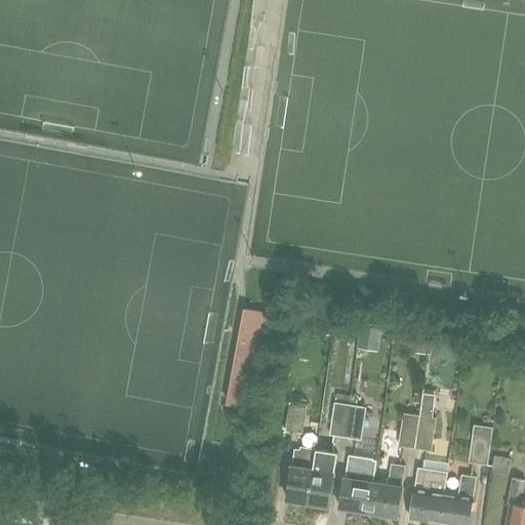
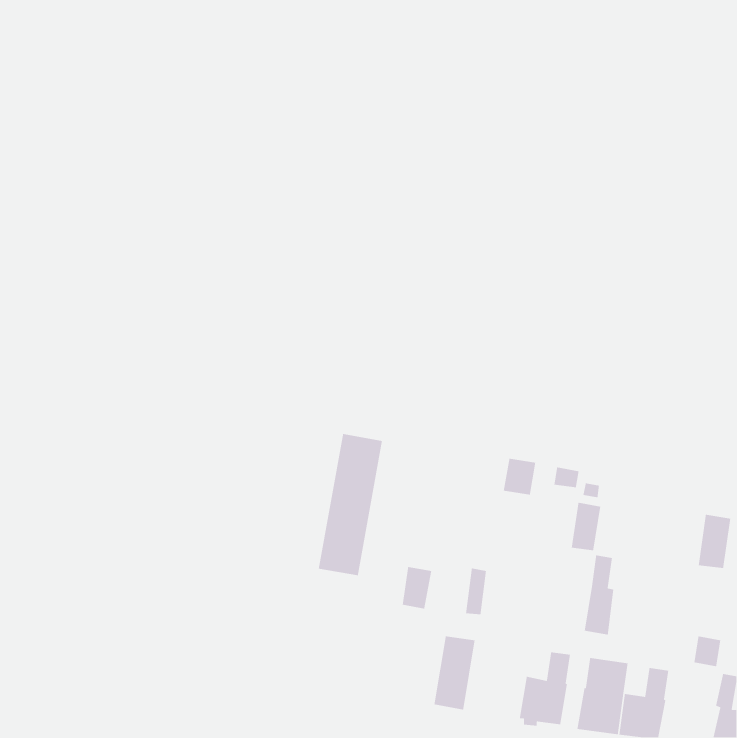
building: [341,405,365,440] -> none
building: [398,413,419,448] -> [571,502,601,551]
building: [469,426,492,465] -> [698,514,731,569]
building: [286,448,316,500] -> none
building: [339,455,376,514] -> none

